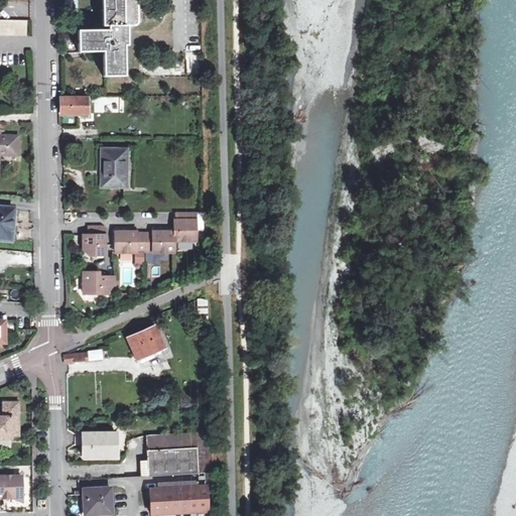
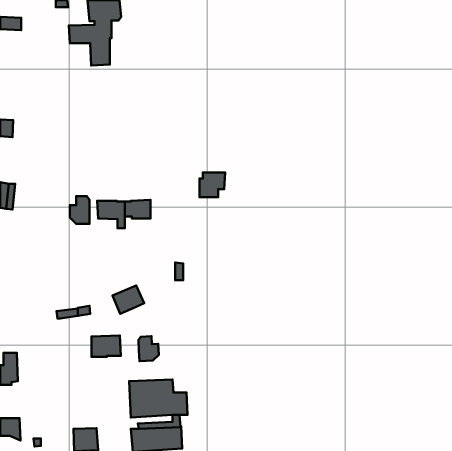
building: [60,98,92,114] -> none
building: [100,148,124,184] -> none
building: [171,211,201,239] -> [199,172,225,197]
building: [81,242,113,293] -> none
building: none -> [138,336,159,361]
building: [84,433,117,458] -> [92,336,121,357]

